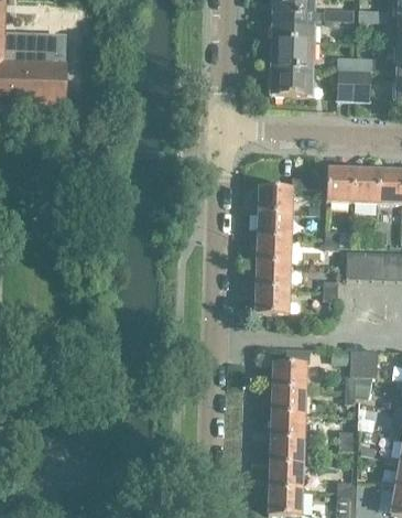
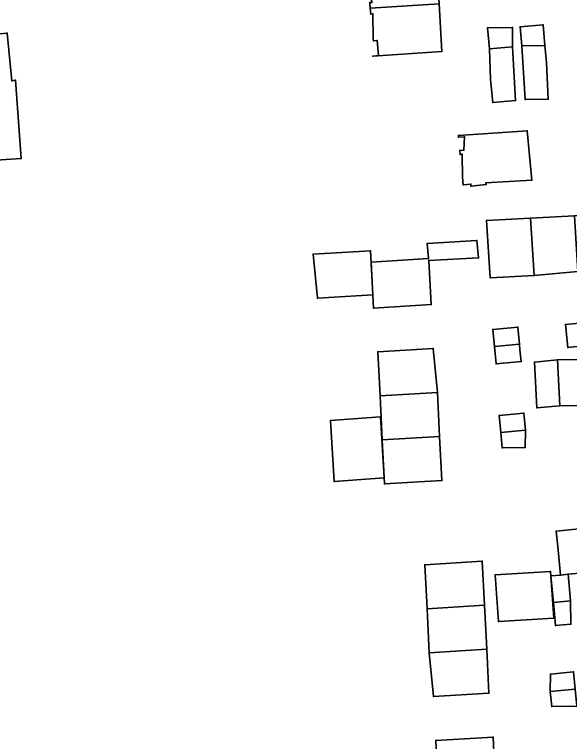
building: [271,66,311,96] -> [458,131,532,186]
building: [258,211,291,237] -> [313,251,373,298]
building: none -> [331,417,384,481]
building: none -> [495,571,554,621]
building: [270,436,303,463] -> none

